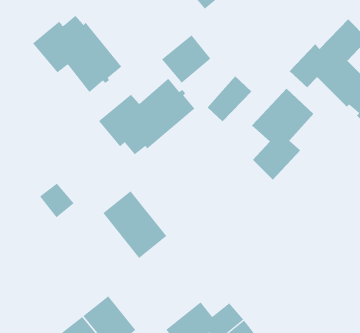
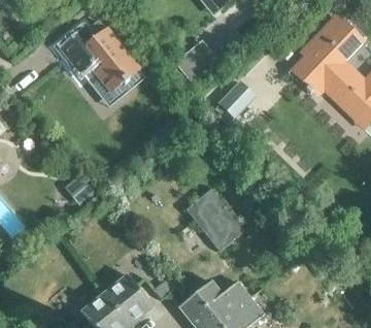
building: [98,78,195,155] -> none
building: [251,88,314,181] -> none
building: [102,190,167,259] -> [187,188,245,250]

